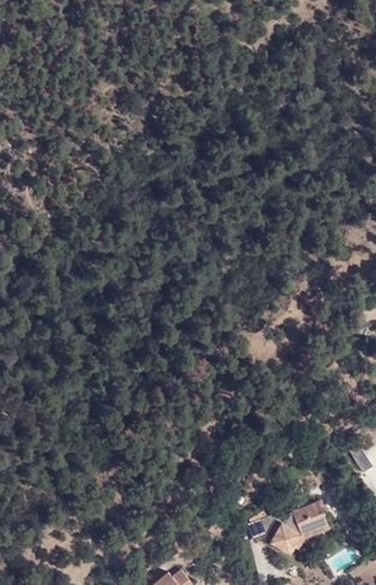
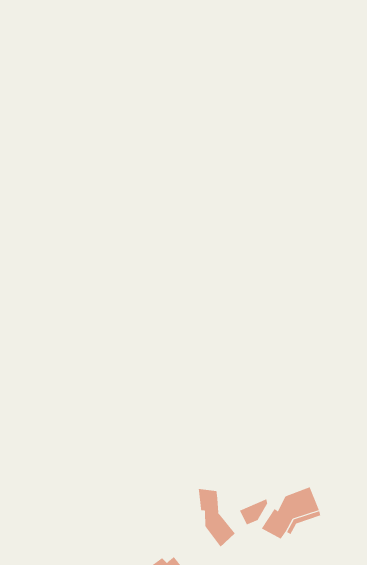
building: none -> [198,488,236,547]

